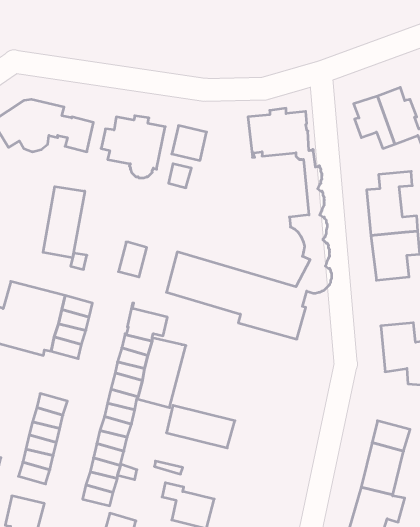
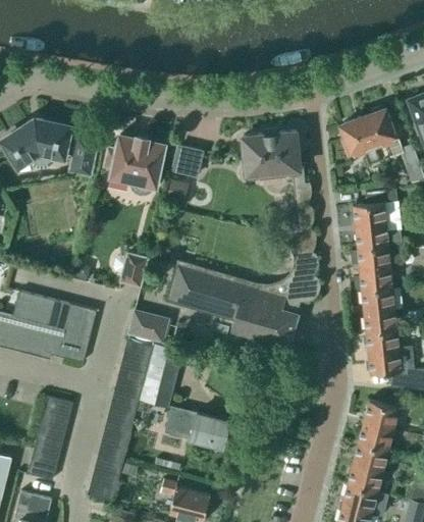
building: [43,187,85,258] -> none
building: none -> [363,286,398,332]
building: none -> [364,401,400,429]

